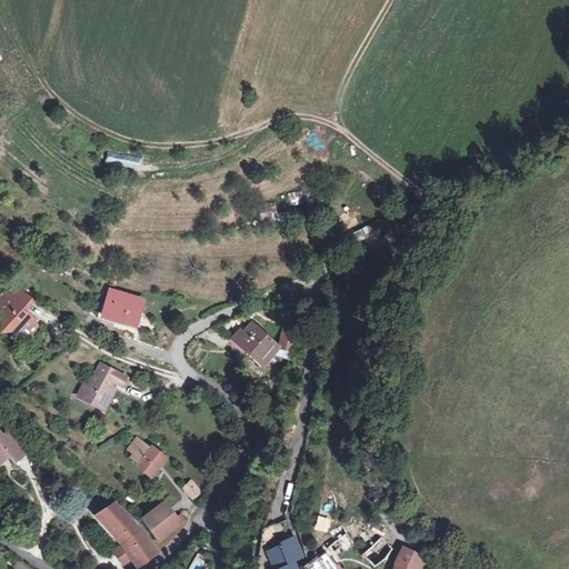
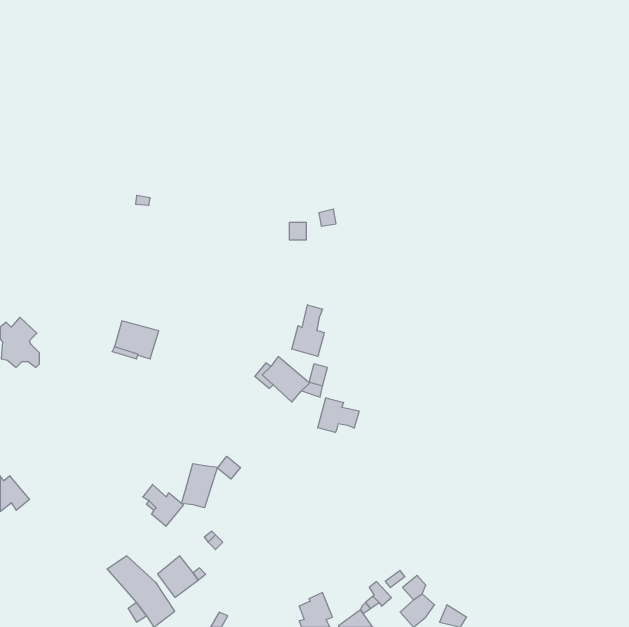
building: none -> [292,305,324,356]
building: none -> [318,398,359,433]
building: [79,363,126,408] -> none
building: none -> [182,456,240,508]

